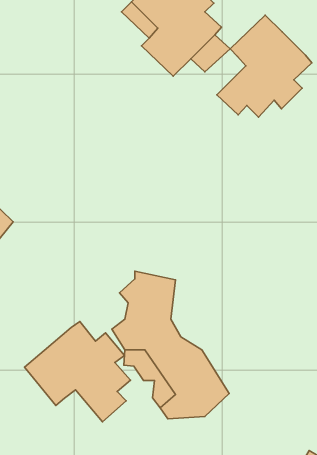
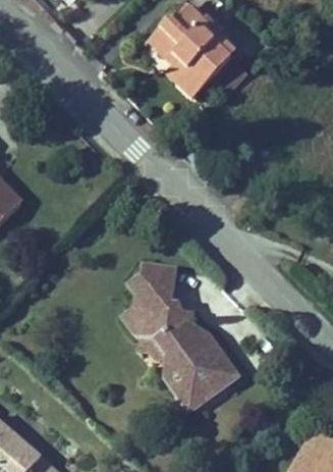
building: [217,15,312,117] -> none
building: [25,321,131,422] -> none

